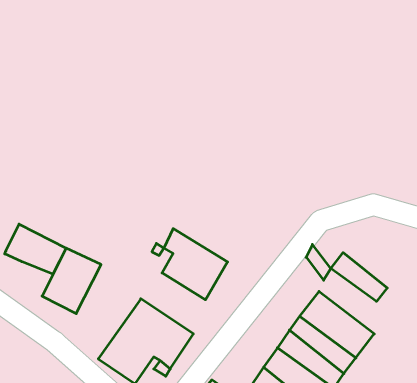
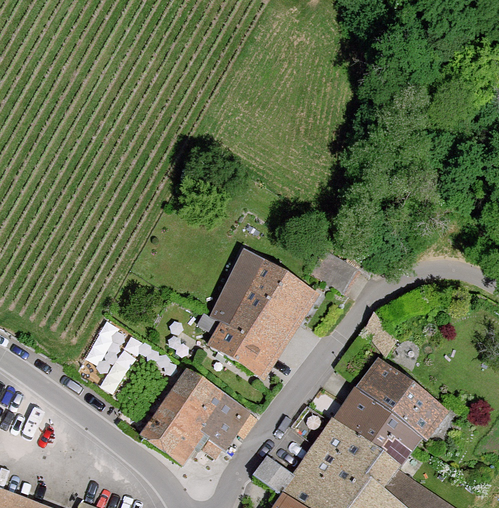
building: none -> [224,249,310,331]
building: [5,224,66,274] -> none
building: [331,253,387,301] -> none

